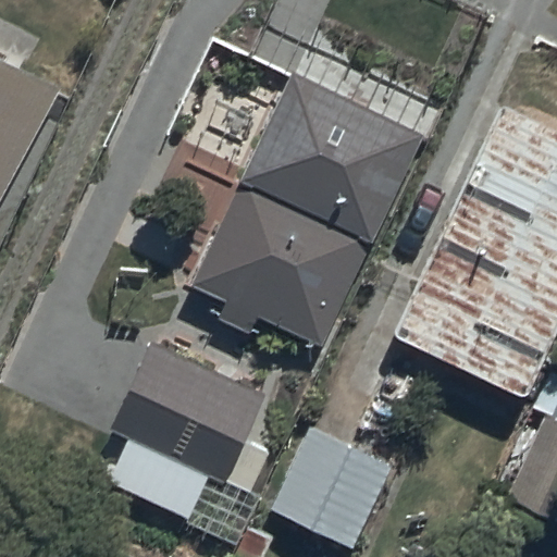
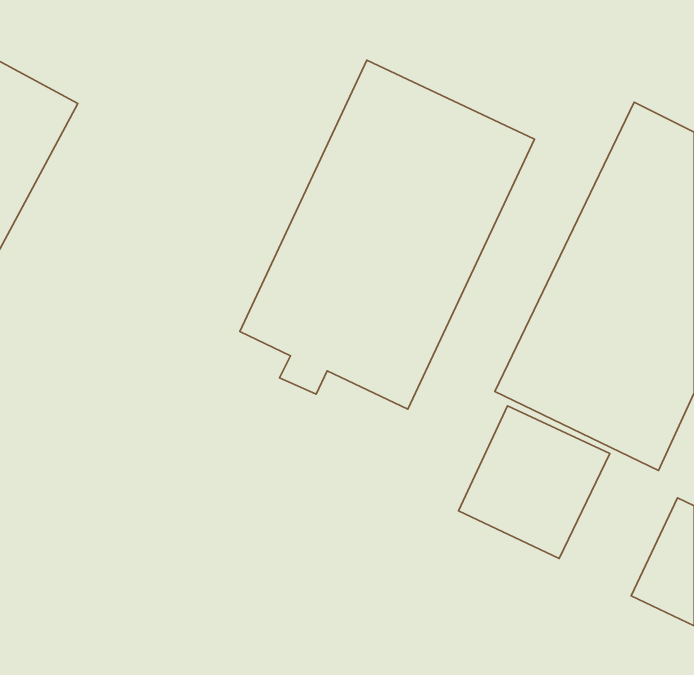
building: [107,342,271,525] -> none
building: [273,425,394,547] -> [458,406,610,558]

